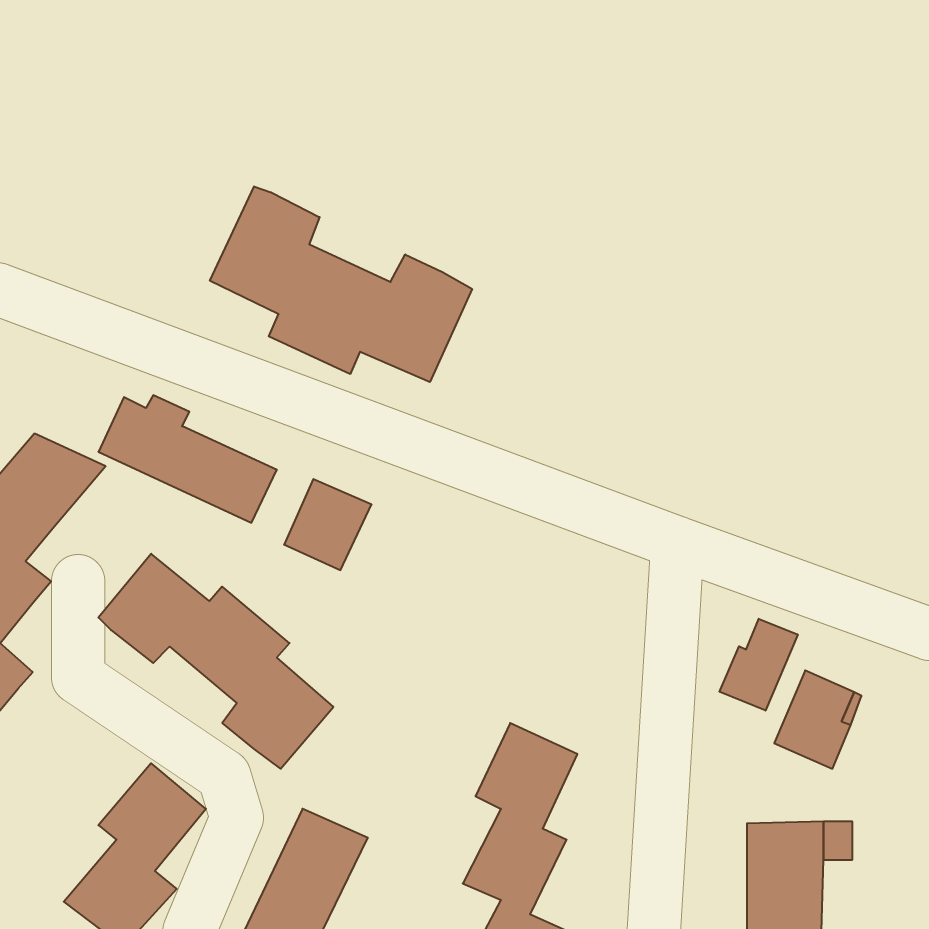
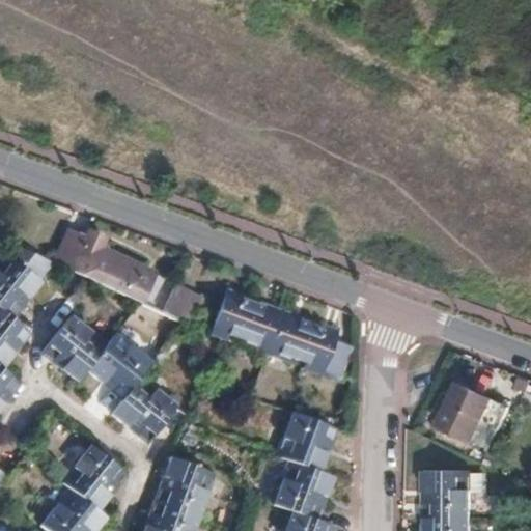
building: [210,186,472,382] -> none
building: none -> [208,303,344,388]
building: [719,619,798,711] -> none

